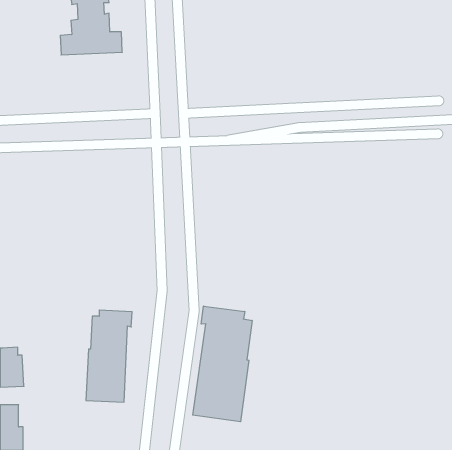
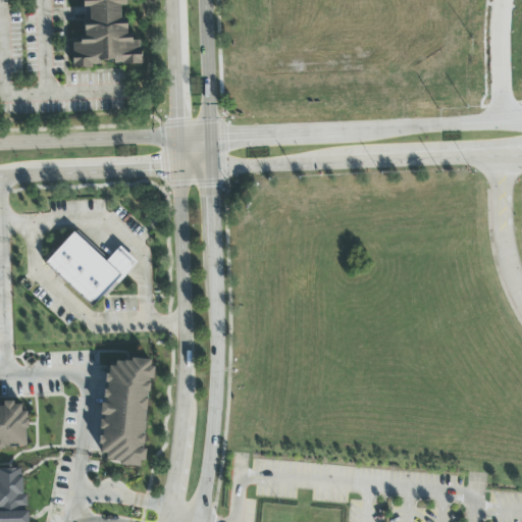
building: none -> [45,230,137,306]
building: [193,306,252,422] -> none

